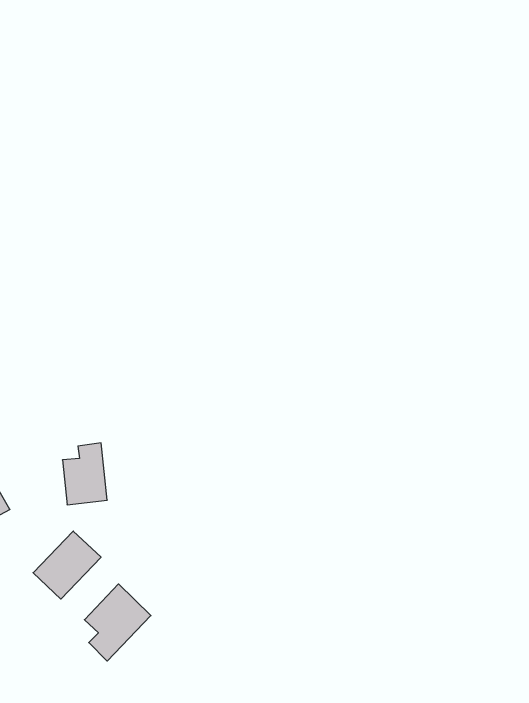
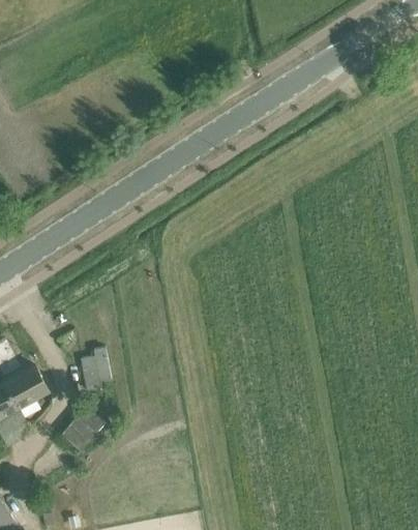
building: [84,584,151,661] -> none

